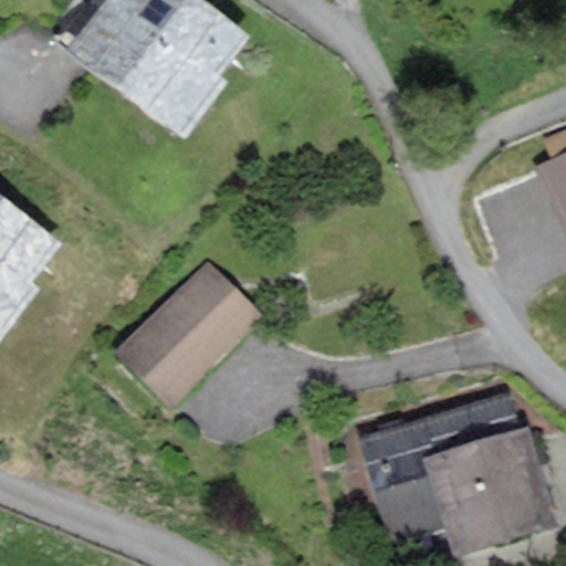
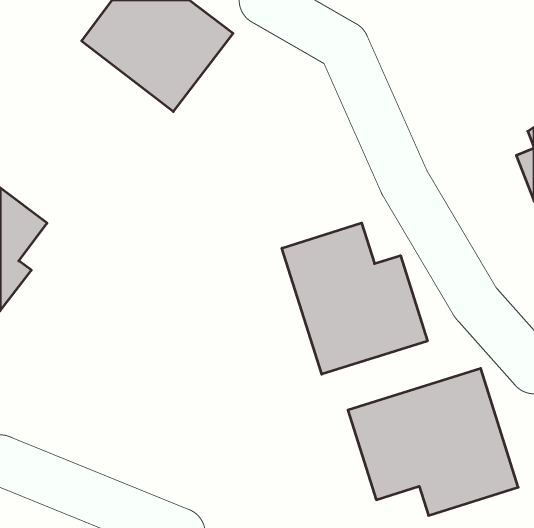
building: none -> [282,223,427,374]
building: [129,276,254,397] -> none

